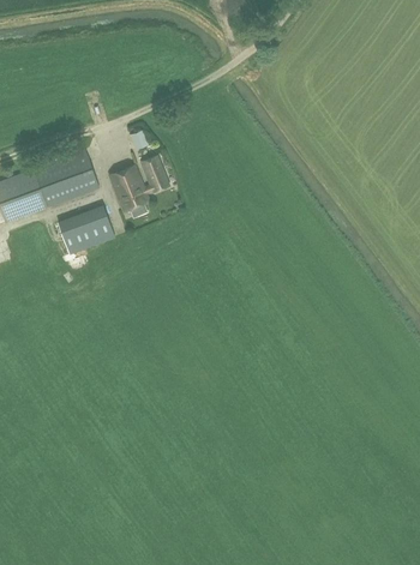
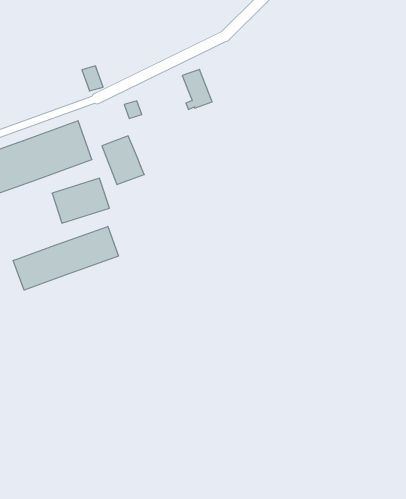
building: [139,155,168,193] -> [182,69,212,109]
building: none -> [13,226,119,290]

